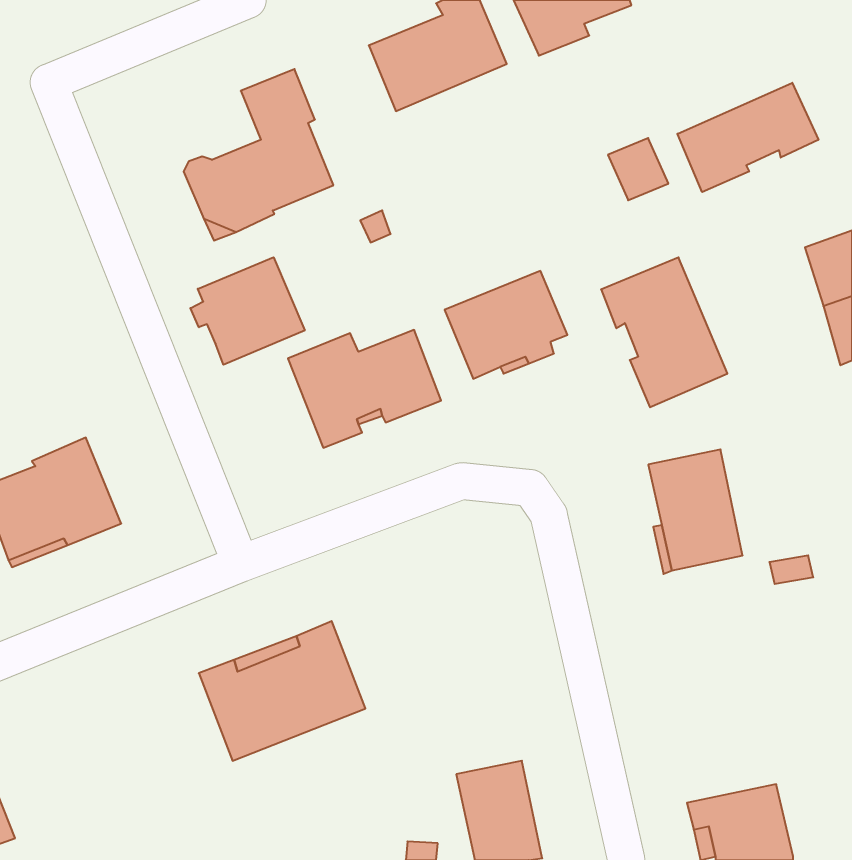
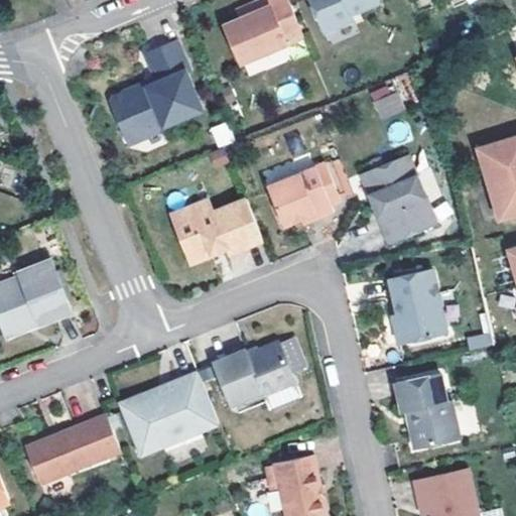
building: [677,83,818,192] -> none
building: [190,257,305,365] -> none
building: none -> [213,343,295,405]
building: none -> [395,374,452,446]
building: none -> [25,414,122,484]

